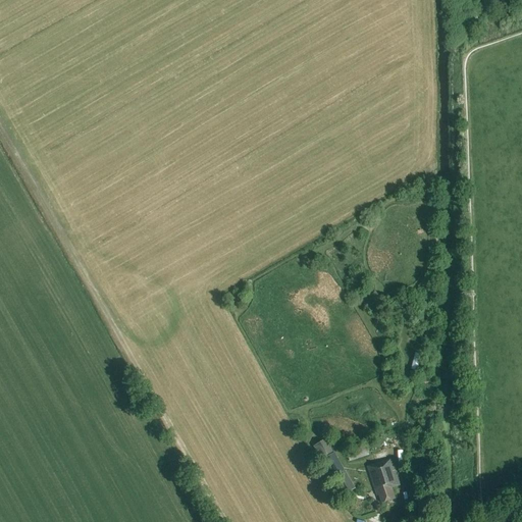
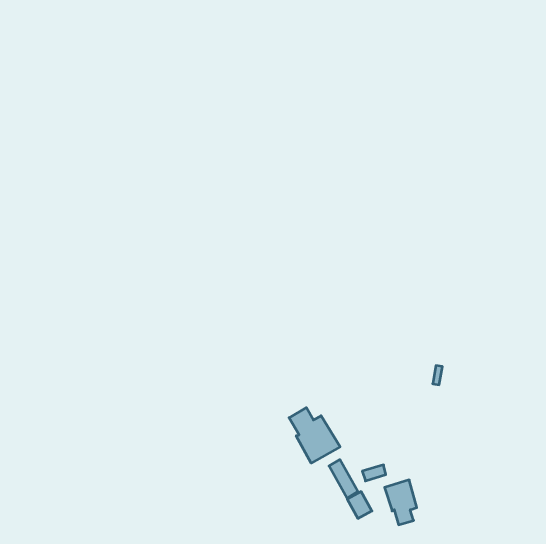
building: none -> [289,408,340,463]

